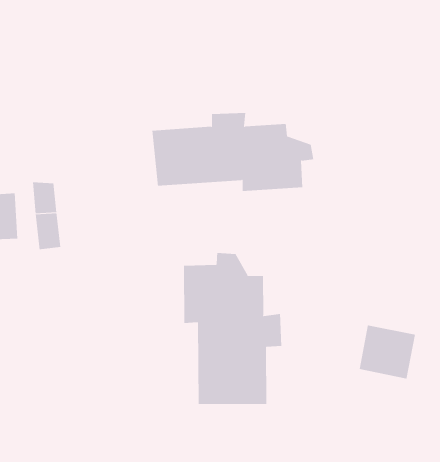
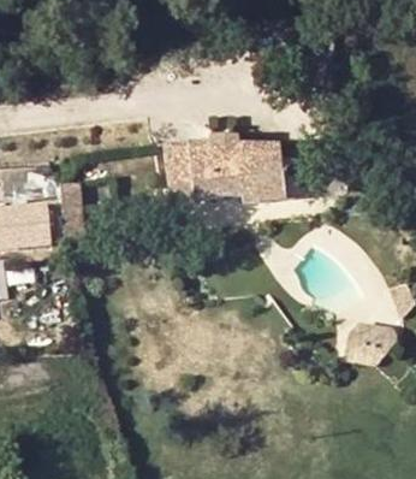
building: [184,252,282,405] -> none

